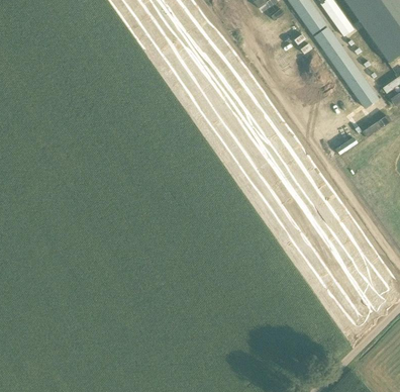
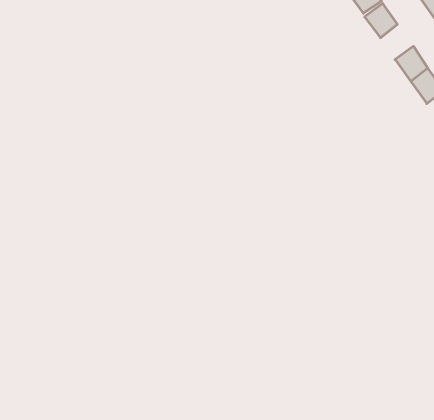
building: [326,42,354,72] -> none

